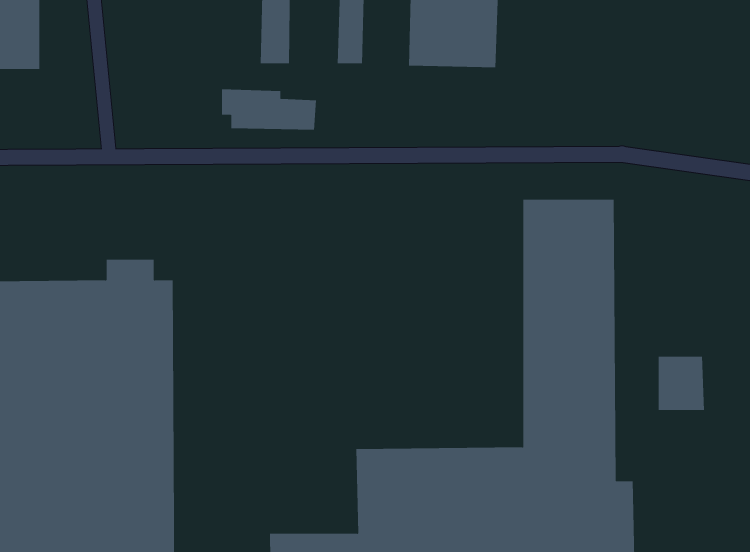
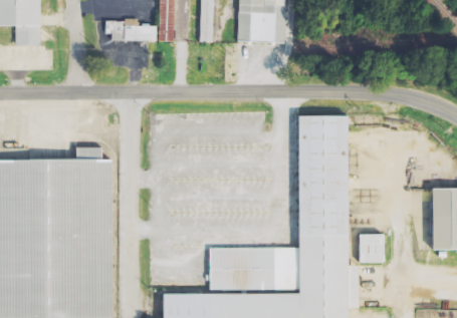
building: [221,89,317,130] -> [106,20,158,42]
building: [658,356,705,410] -> [360,234,385,263]

